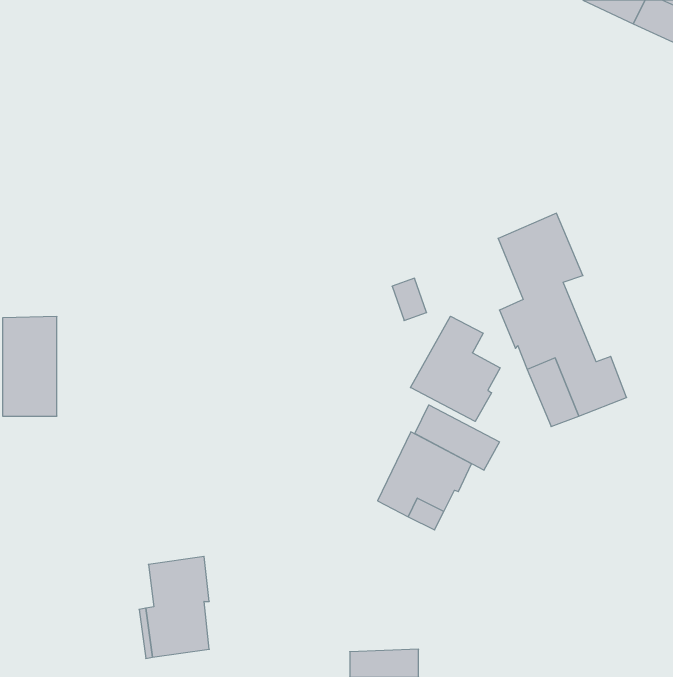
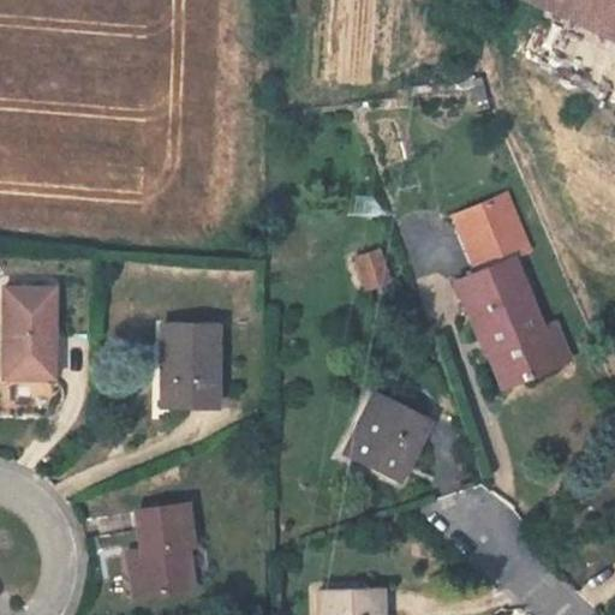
building: [410,316,500,421] -> none
building: none -> [165,326,217,407]
building: [415,405,499,470] -> none

